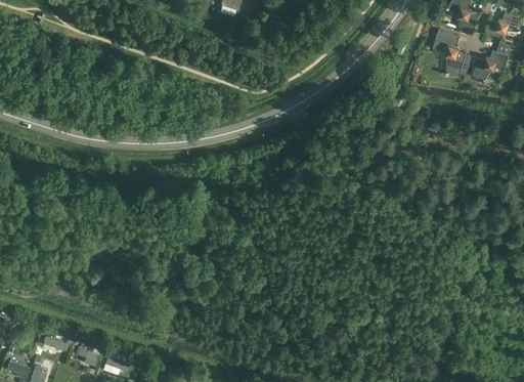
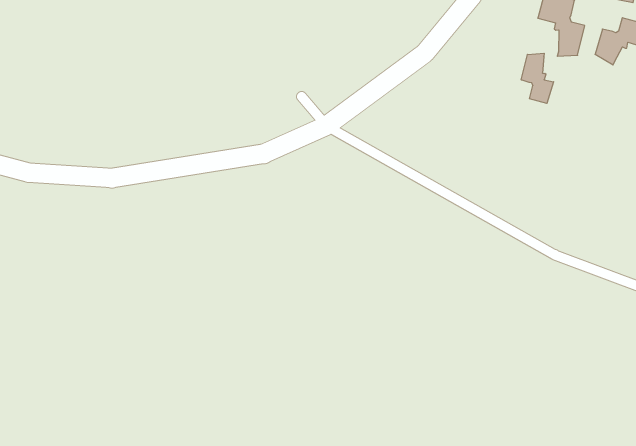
building: none -> [521,53,554,103]

